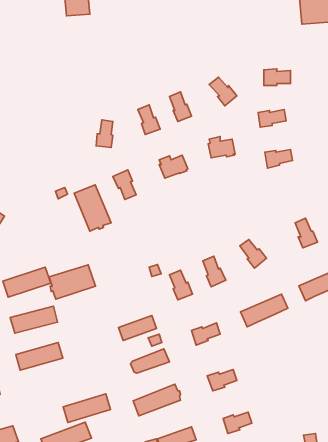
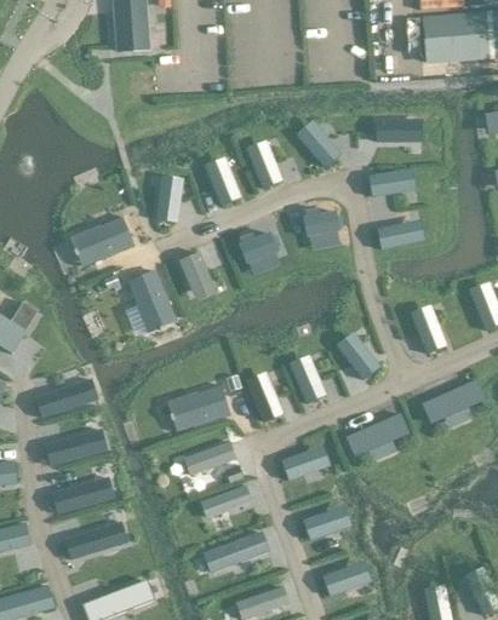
building: none -> [71,218,132,266]
building: [49,265,96,299] -> [168,386,229,431]
building: [63,394,110,422] -> [64,522,126,559]

